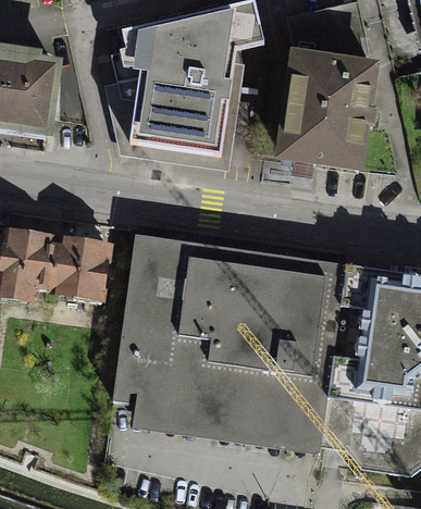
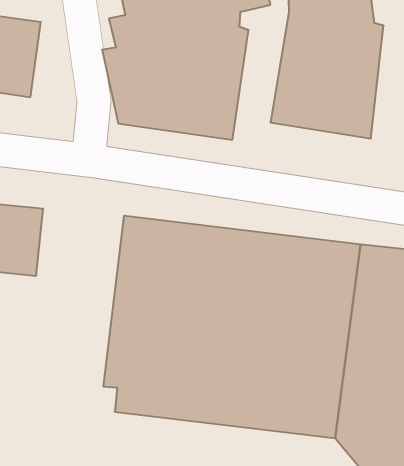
building: [50,234,107,302] -> none

